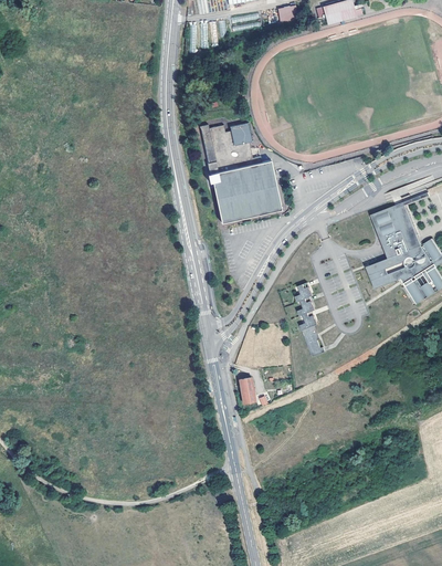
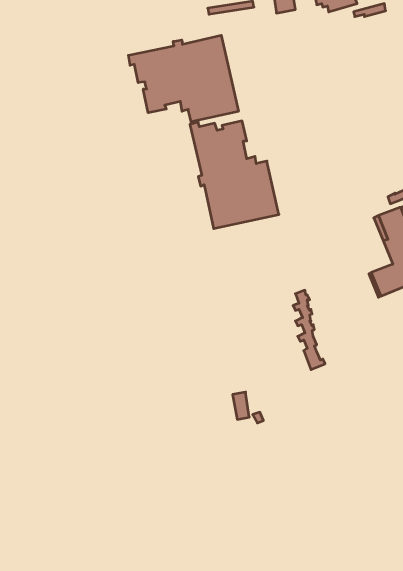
building: none -> [128,35,238,122]

